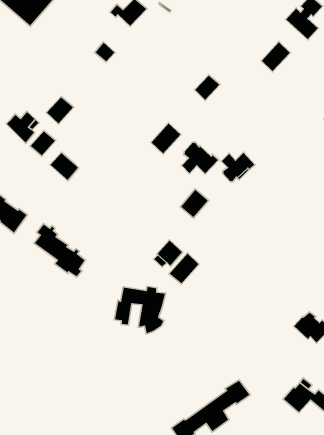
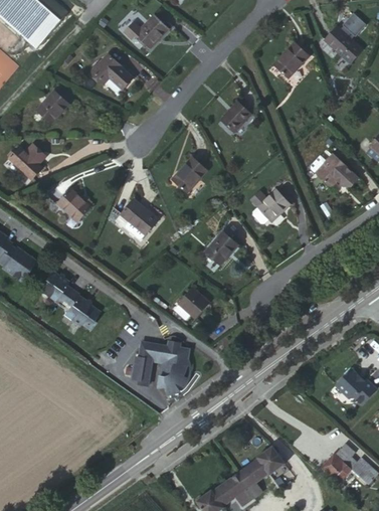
building: none -> [93,53,121,81]
building: [261,41,290,72] -> [275,41,309,75]
building: [46,97,74,124] -> [37,91,68,122]
building: none -> [313,153,359,186]
building: [30,131,56,156] -> none
building: [181,142,219,174] -> none
building: none -> [123,198,158,237]
building: [169,253,199,284] -> none

